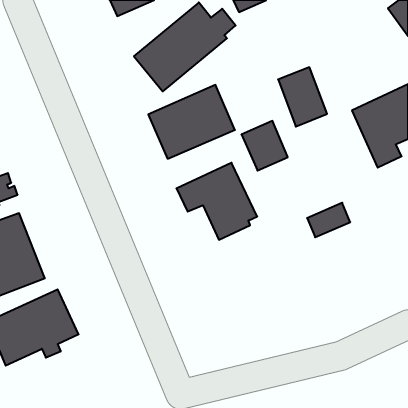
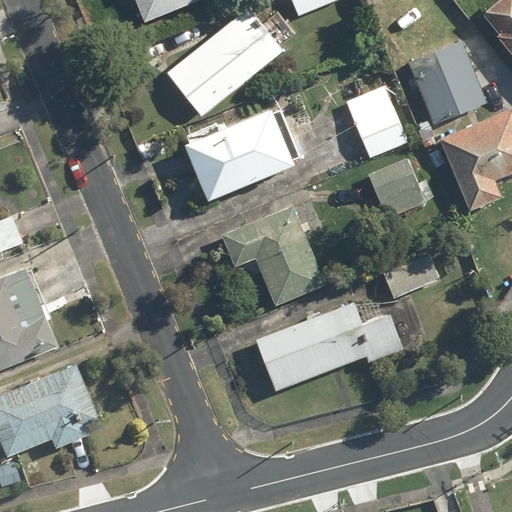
building: none -> [407,40,486,125]
building: [241,121,288,171] -> [368,157,426,219]
building: none -> [257,303,400,389]

